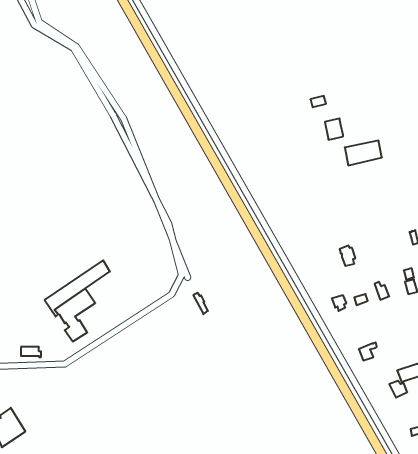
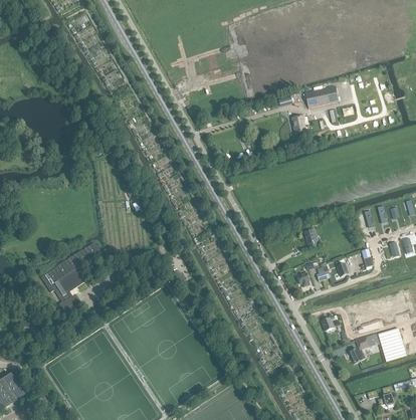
building: [345,141,382,165] -> [304,85,338,108]

